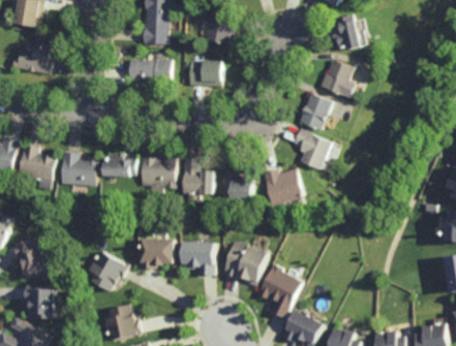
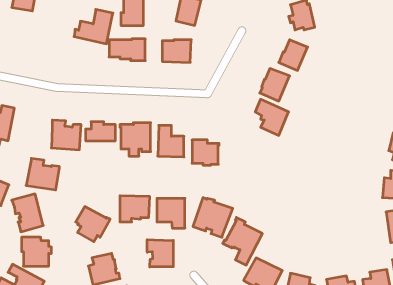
building: [11,35,56,74] -> [74,9,113,44]
building: [17,145,55,181] -> [26,158,59,190]
building: [263,168,304,206] -> none
building: none -> [147,240,173,267]

